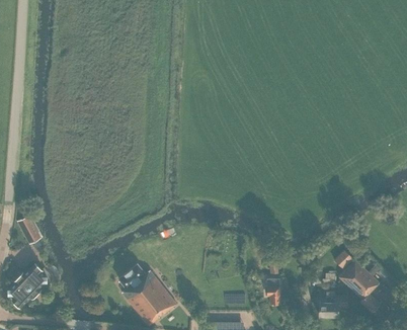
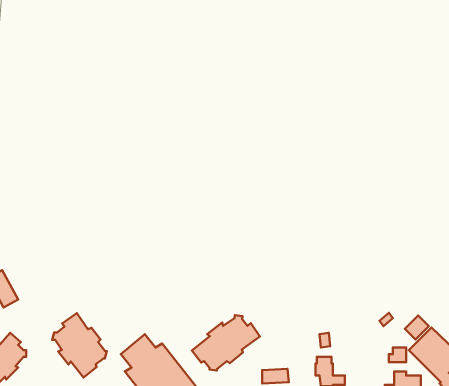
building: none -> [52,313,107,378]
building: none -> [192,315,260,370]

